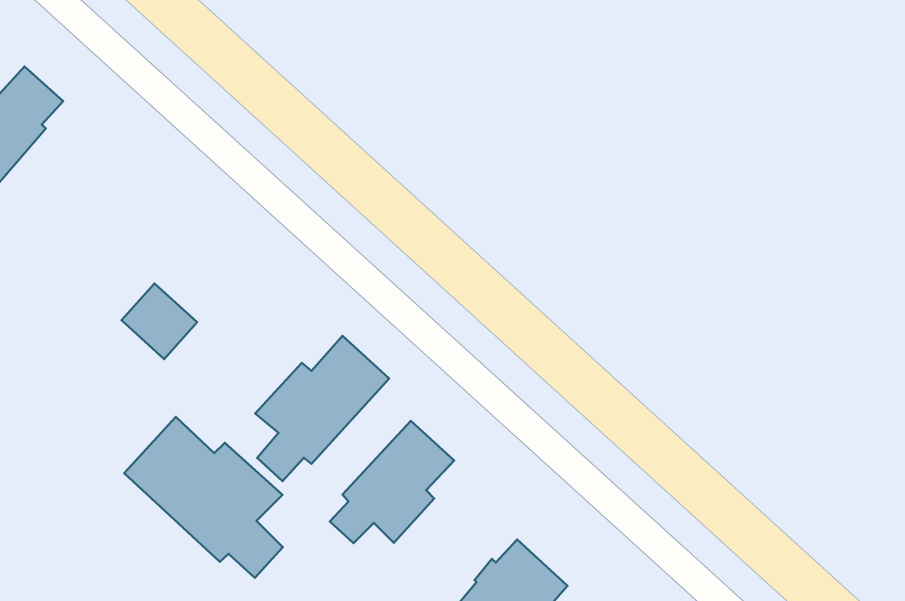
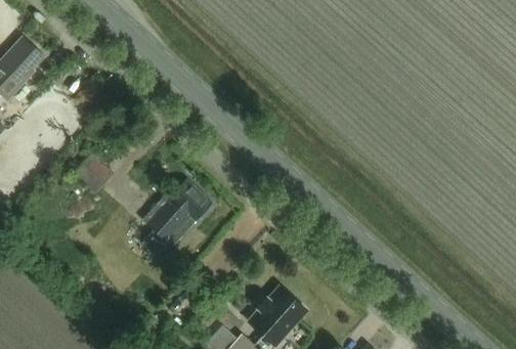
building: [124,417,283,578] -> none
building: [330,421,454,543] -> none

